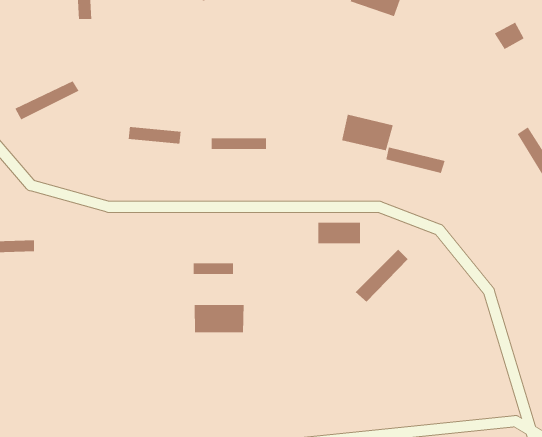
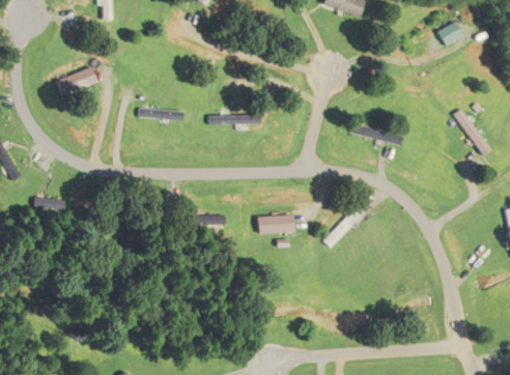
building: [341,114,393,151] -> none
building: [317,222,361,244] -> [259,217,294,234]
building: [194,304,244,333] -> none

